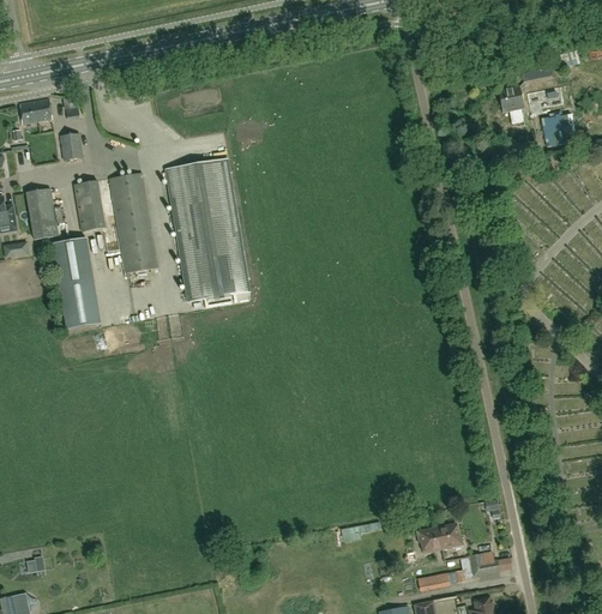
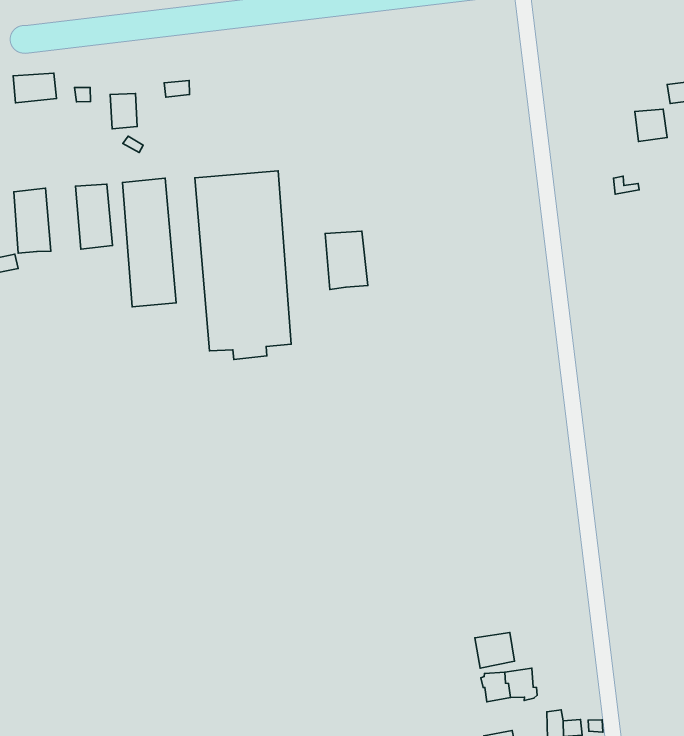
building: [59,132,82,161] -> [110,93,137,129]
building: none -> [325,231,368,289]
building: [55,237,103,327] -> none
building: none -> [475,633,514,668]

